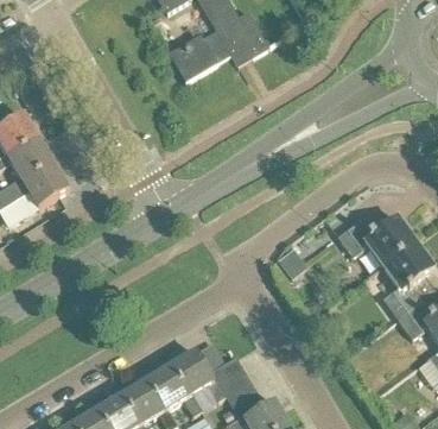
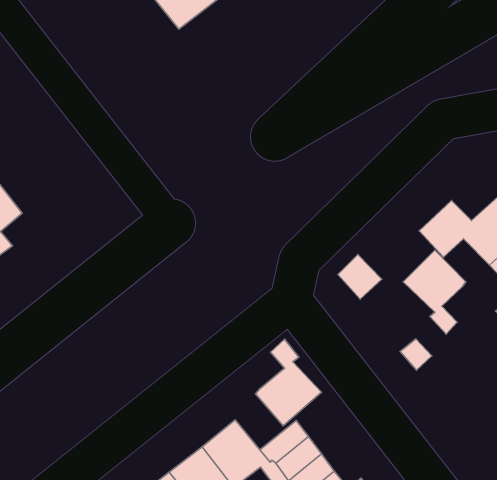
building: none -> [403,250,466,334]
building: none -> [255,339,322,426]

